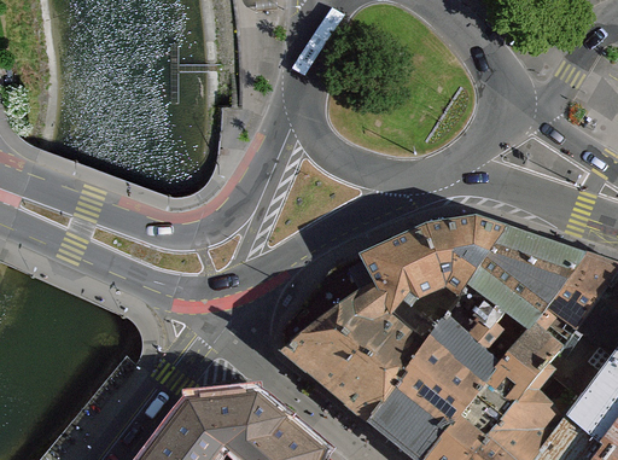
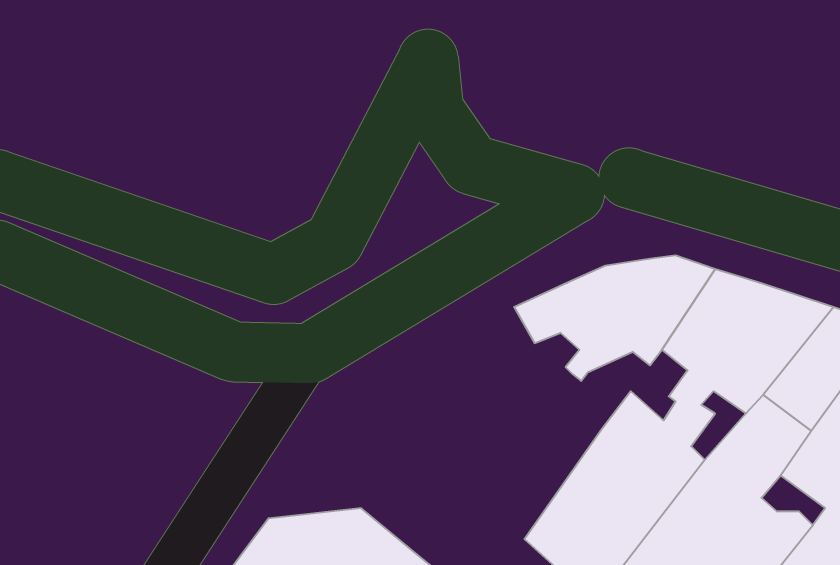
building: [281,256,424,419] -> none

